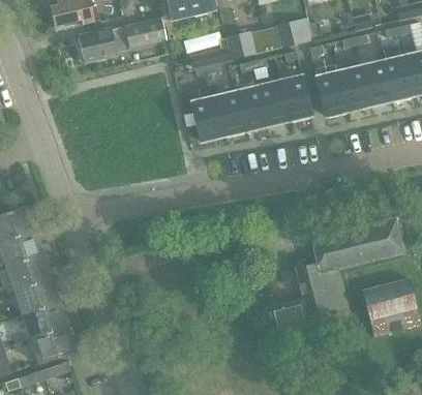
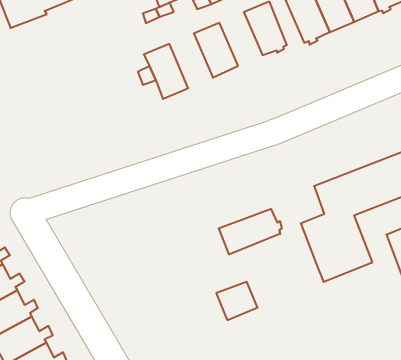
building: [258,82,289,125] -> none
building: [213,92,244,136] -> none
building: none -> [219,209,282,254]
building: [275,303,307,332] -> [216,282,258,320]

